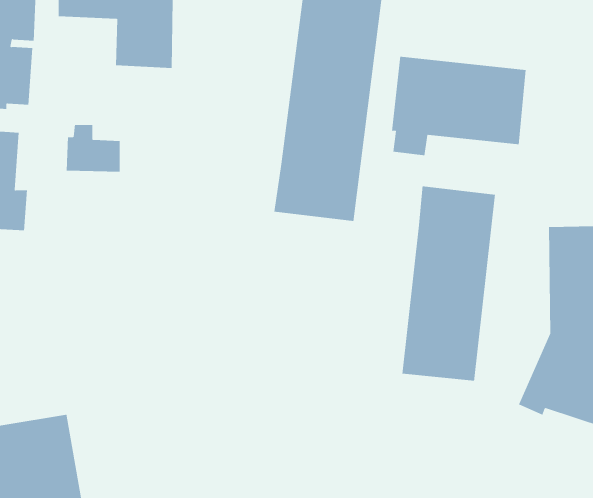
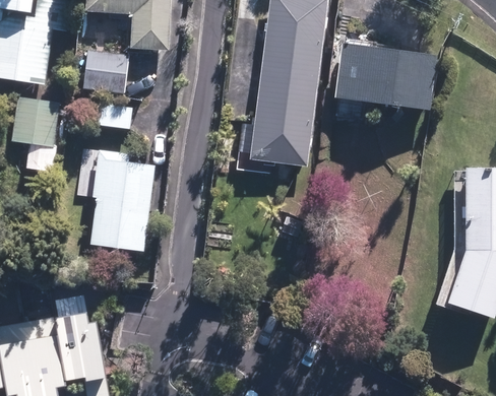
building: none -> [84,50,129,92]
building: [402,185,496,382] -> none
building: none -> [84,150,157,250]

